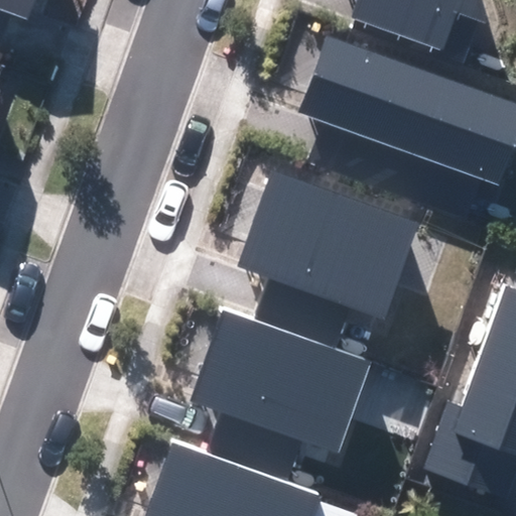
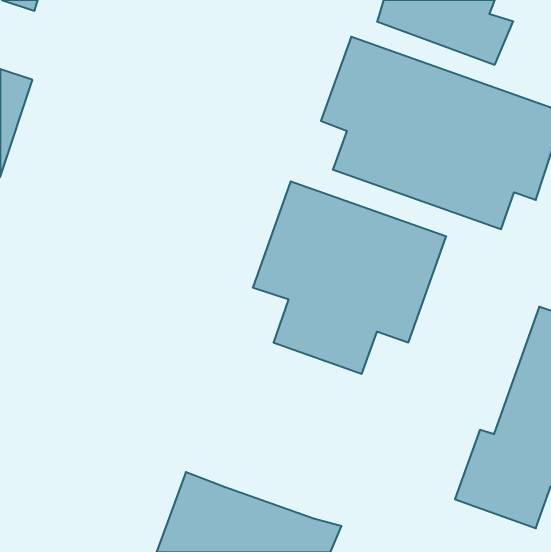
building: [192,309,371,484] -> none

